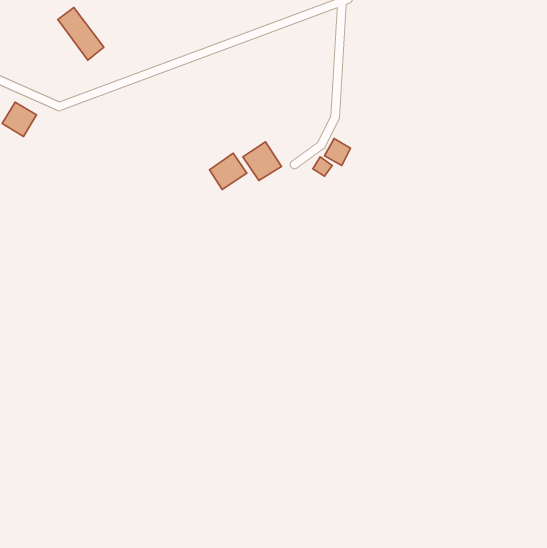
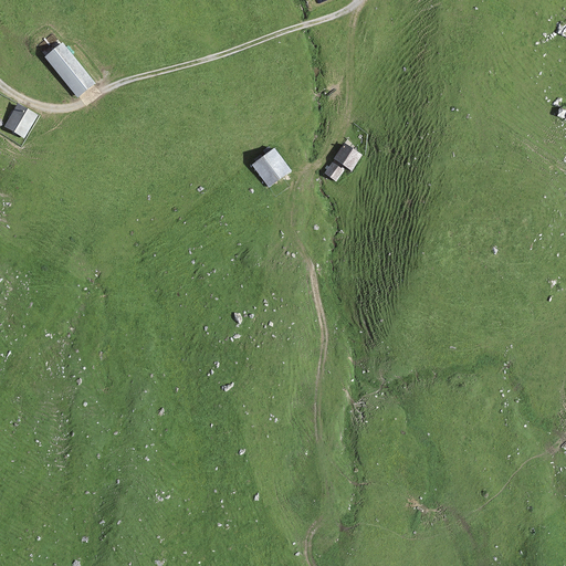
building: [58,8,104,60] -> [46,43,94,97]
building: [209,153,247,190] -> none

